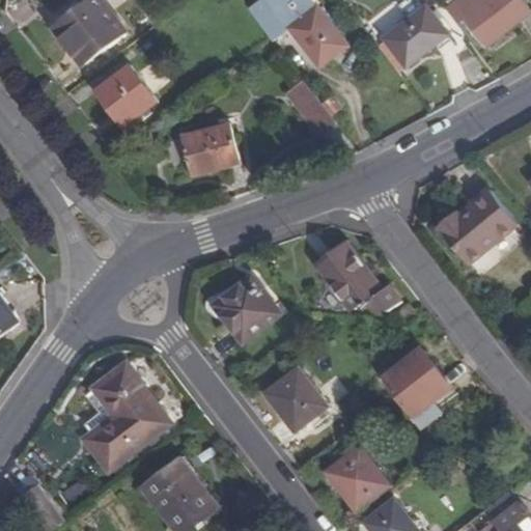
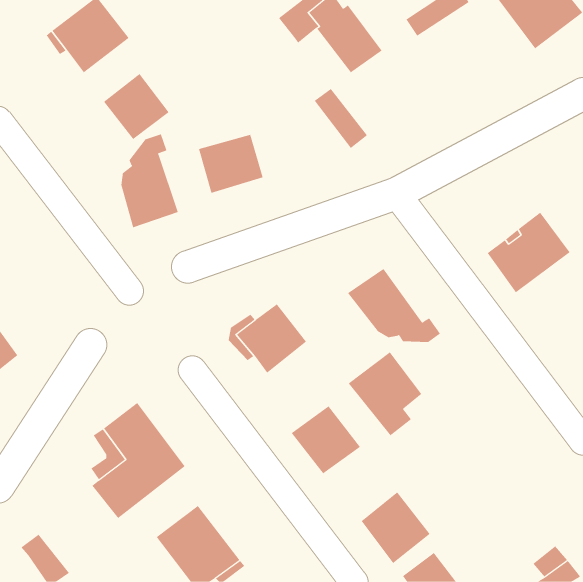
building: [381,6,447,68] -> none
building: none -> [121,134,178,228]
building: [381,346,448,423] -> [348,352,422,436]

